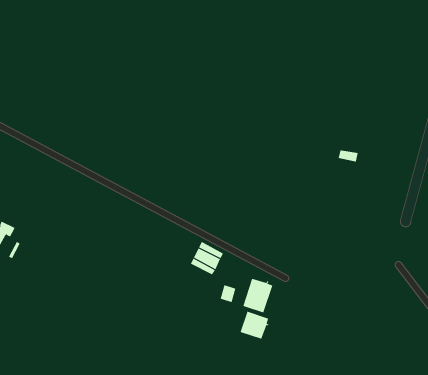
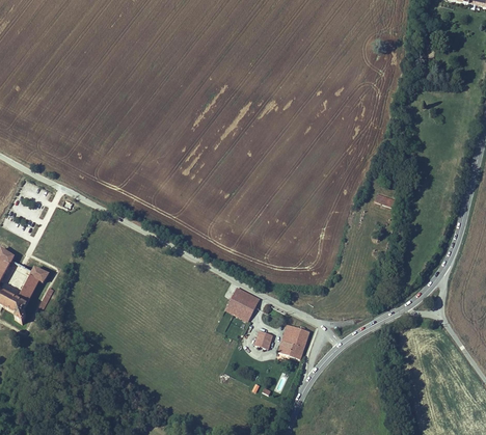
building: [240,311,269,340] -> none

